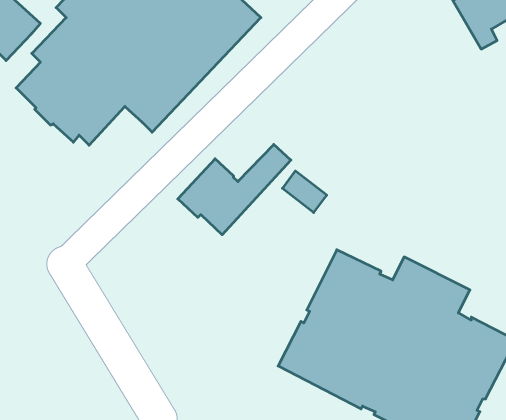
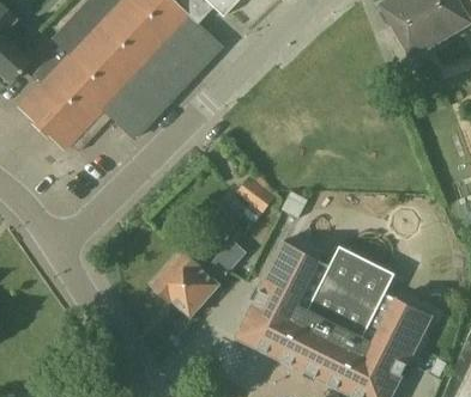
building: [178,144,291,235] -> [152,240,247,316]

